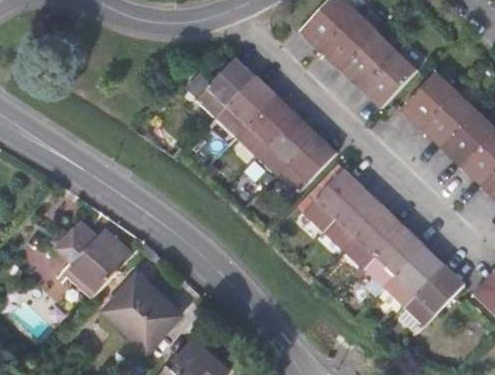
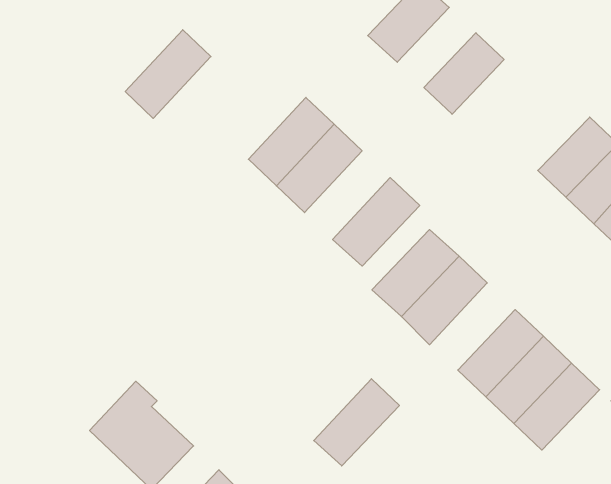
building: [321,11,377,68] -> none
building: [360,48,418,106] -> none
building: [195,56,256,119] -> [125,30,211,118]
building: [401,70,458,127] -> none
building: [255,113,316,176] -> none
building: [344,207,405,269] -> [314,379,399,466]
building: [52,222,131,296] -> none

